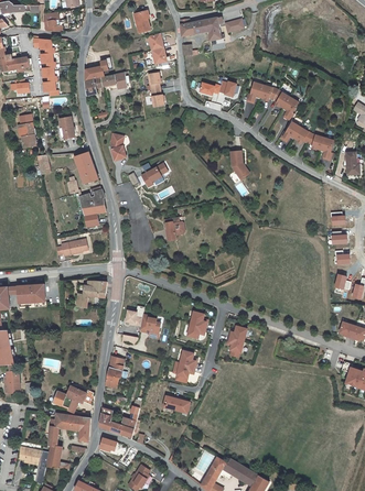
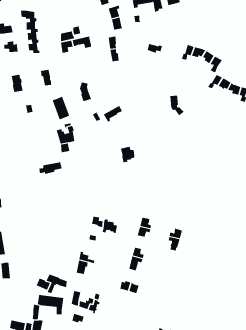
building: [76,282,106,307] -> none
building: [17,284,45,303] -> none

